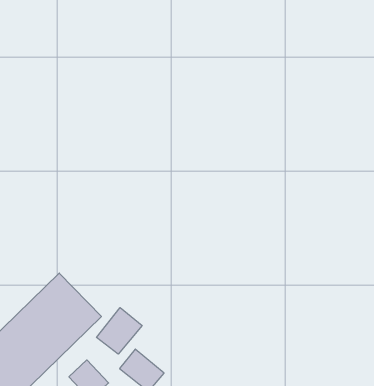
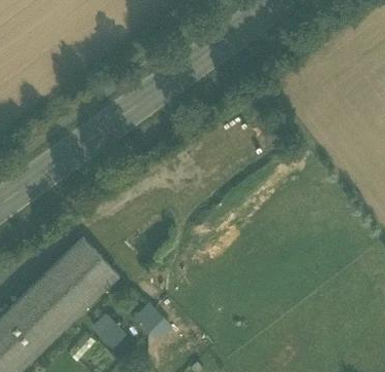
building: [97,308,142,354] -> none

